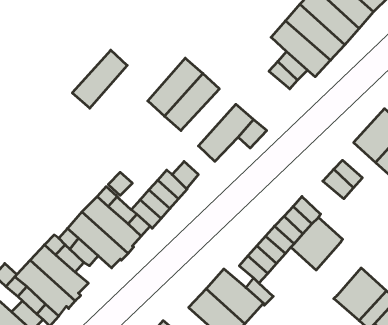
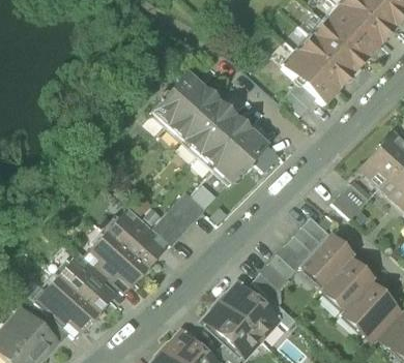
building: [72,50,127,108] -> [152,70,204,125]
building: none -> [200,114,252,168]
building: none -> [324,259,373,308]

